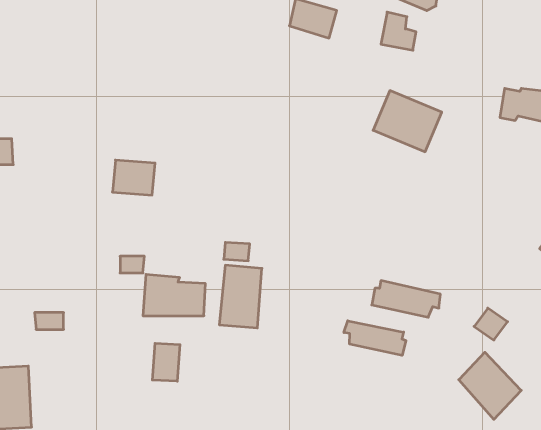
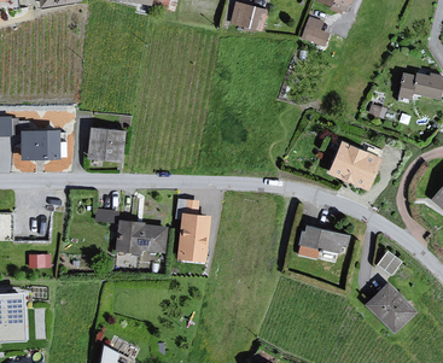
building: [373,91,442,152] -> [326,141,380,189]
building: none -> [24,131,60,156]
building: [344,321,406,355] -> none
building: [152,343,180,381] -> none

